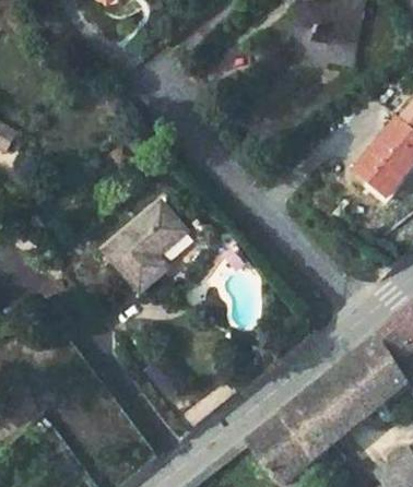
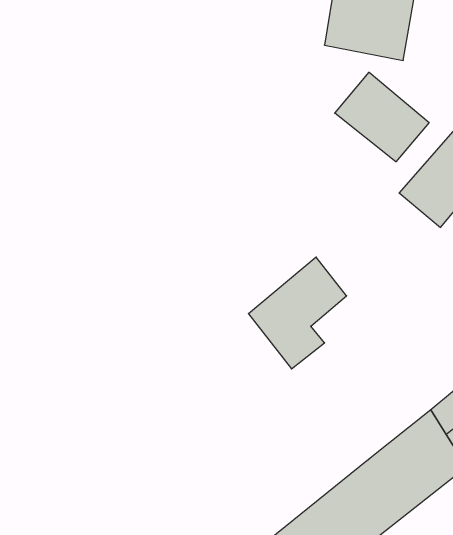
building: none -> [335,72,429,162]
building: [113,201,190,289] -> [248,257,347,369]

